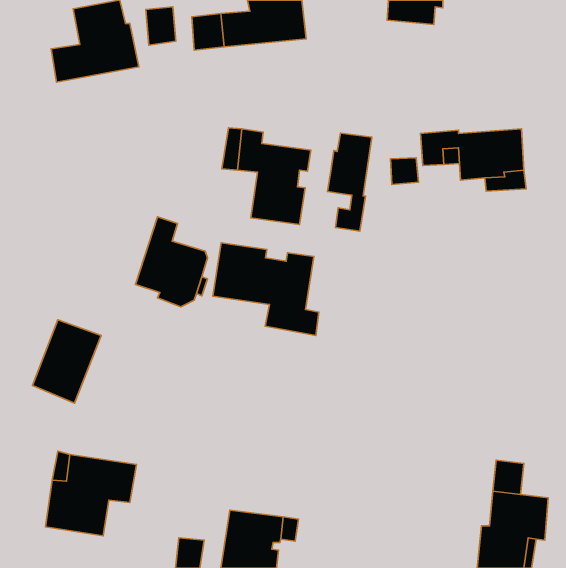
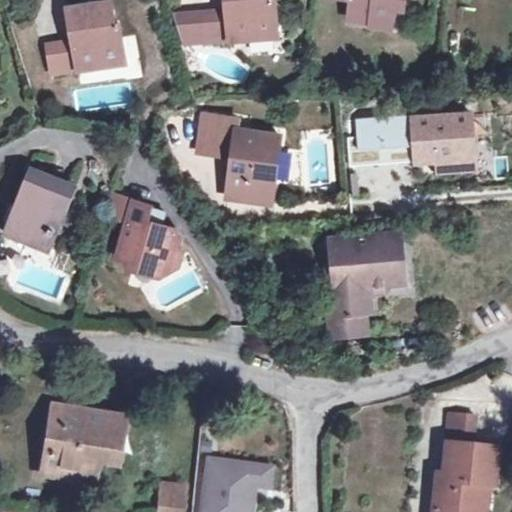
building: [146,7,176,45] -> none
building: [328,133,372,231] -> none
building: [213,243,319,335] -> none
building: none -> [327,233,402,336]
building: [32,320,101,403] -> [6,171,68,246]

